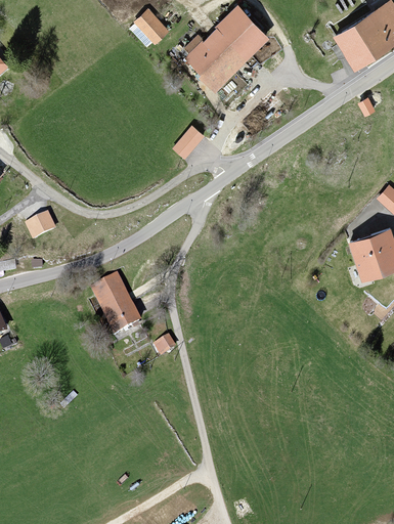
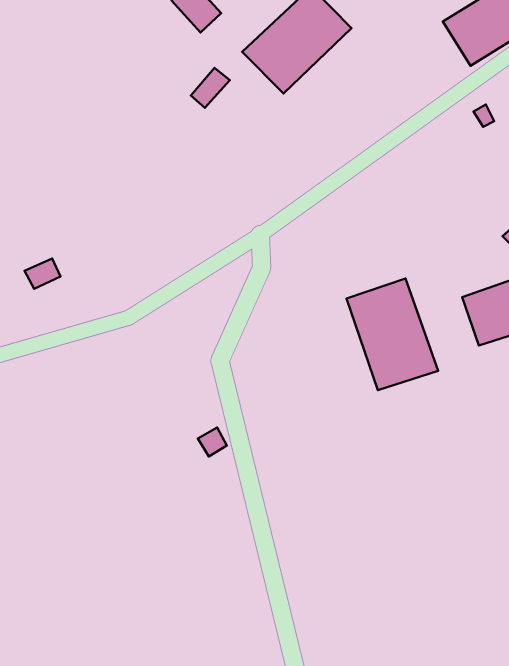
building: [173,127,202,157] -> [191,68,230,108]
building: none -> [346,279,438,390]
building: [91,276,139,335] -> none

